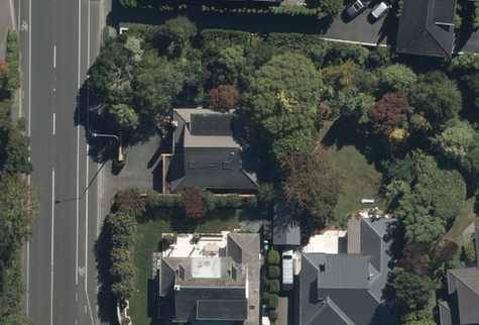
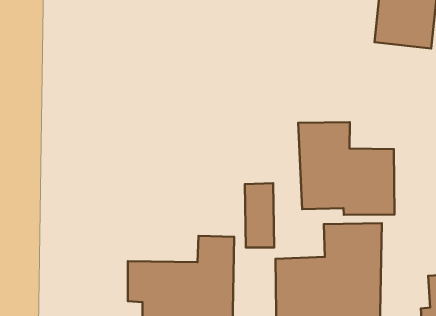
building: [161,111,262,198] -> none
building: none -> [298,122,395,215]

